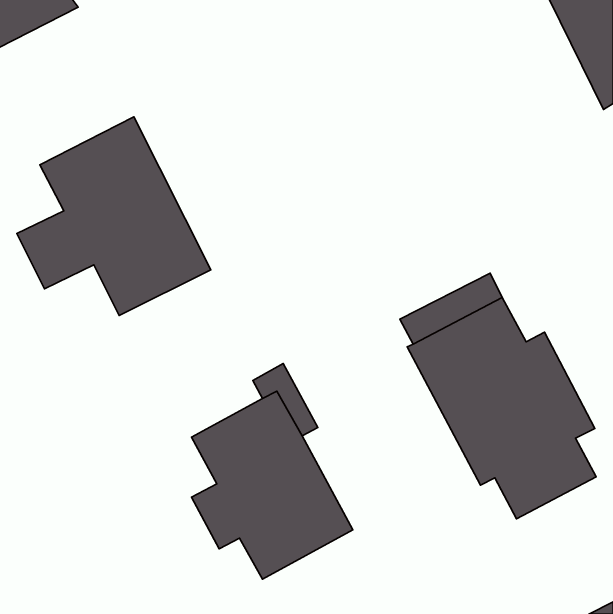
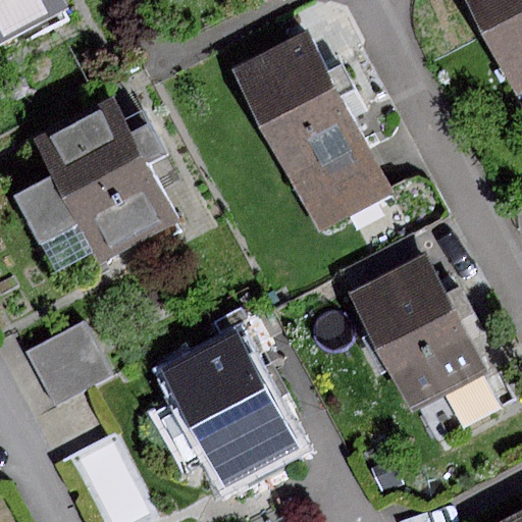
building: none -> [236,34,389,229]
building: none -> [28,322,110,405]

